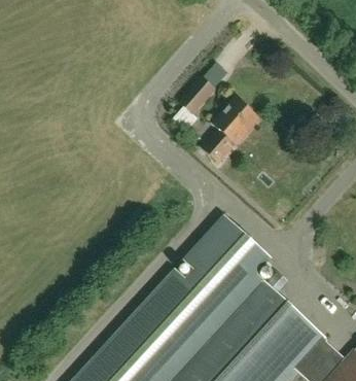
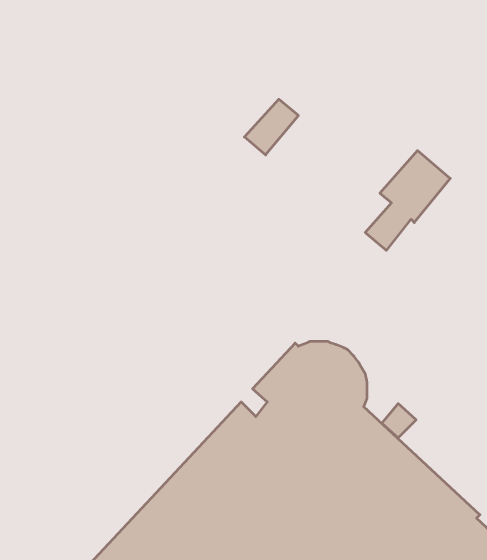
building: [204,100,257,163] -> [365,151,450,250]

